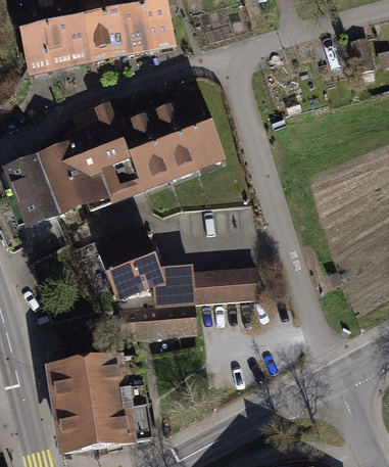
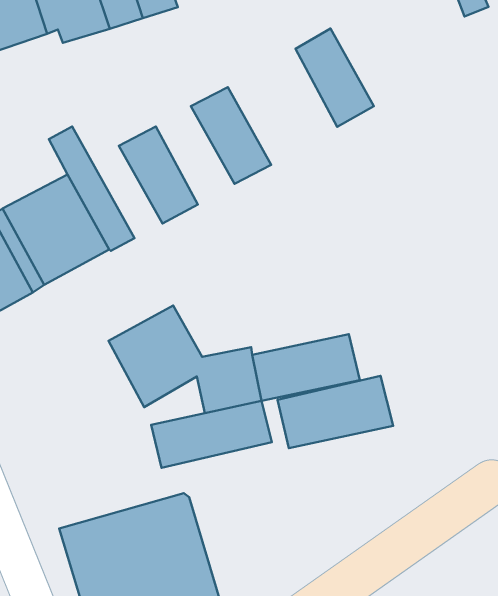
building: [94,102,144,188] -> none
building: [148,107,194,172] -> [295,28,374,127]
building: none -> [277,376,393,448]

